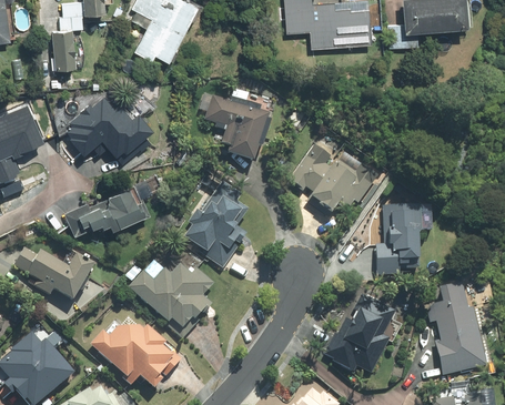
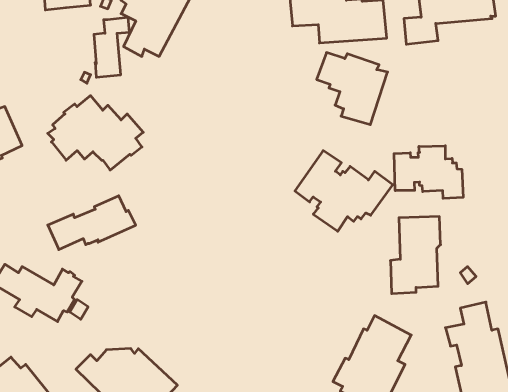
building: [51,14,83,69] -> [94,17,129,77]
building: [205,94,270,160] -> [317,53,388,125]
building: none -> [394,146,463,198]
building: [184,180,249,267] -> none
building: [128,262,215,338] -> none

